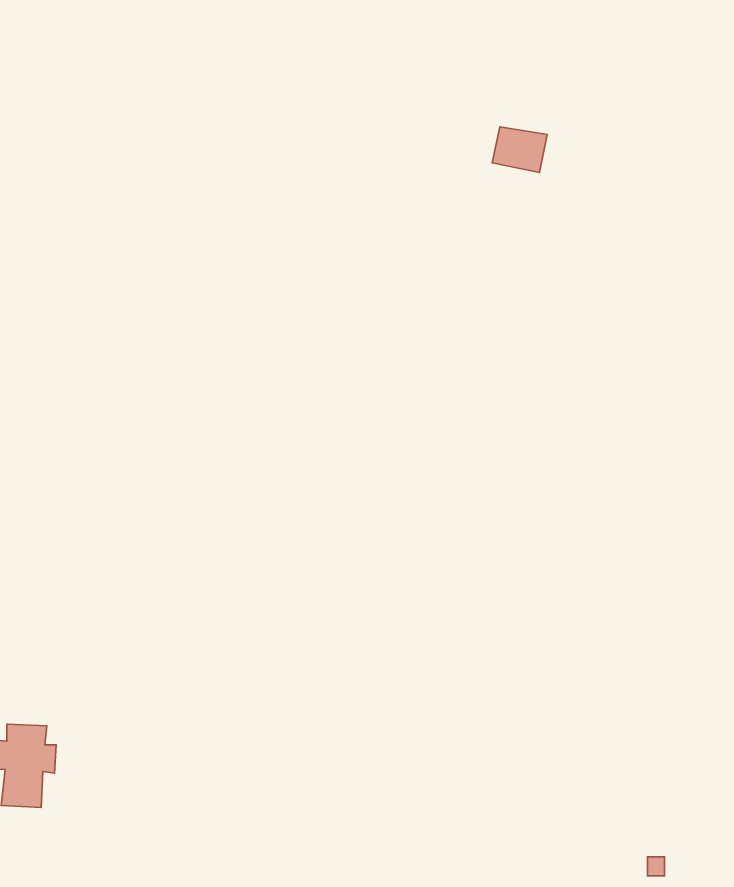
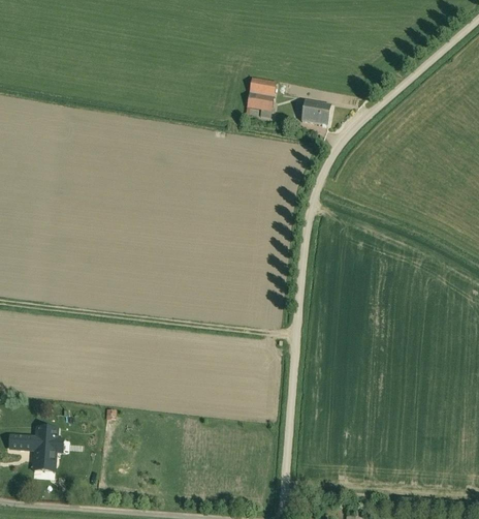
building: none -> [246,78,276,116]

